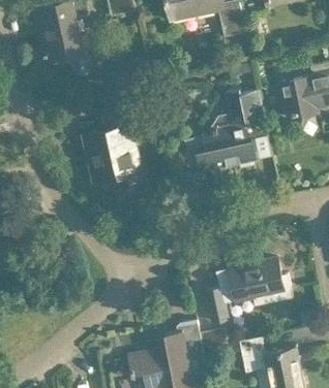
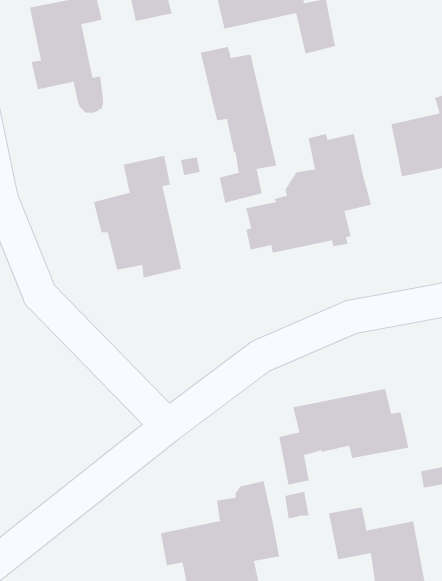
building: none -> [200,46,277,203]

